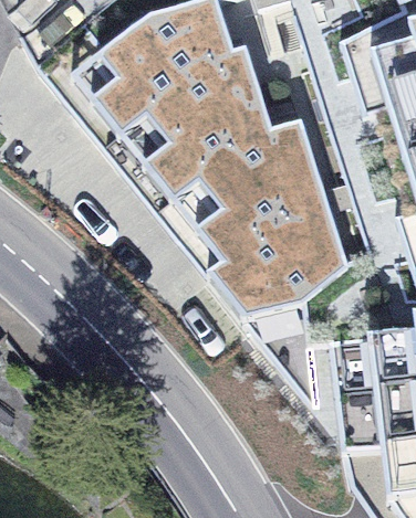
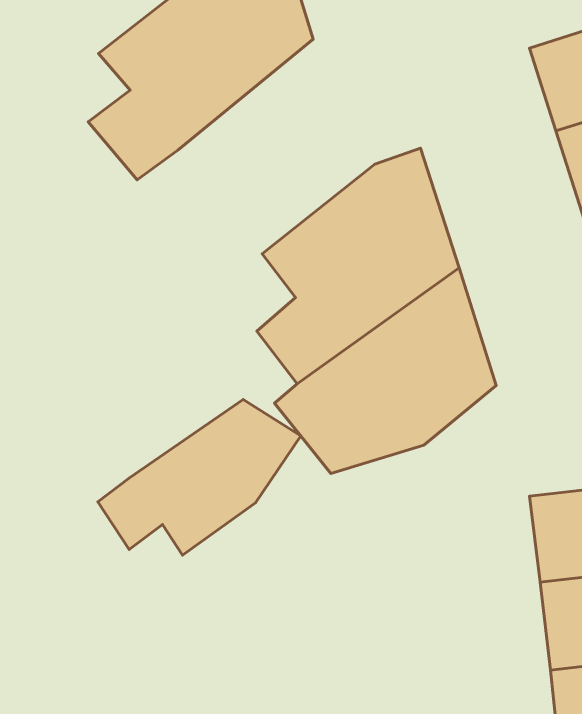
building: [144,42,271,200] -> none
building: none -> [98,400,301,555]

